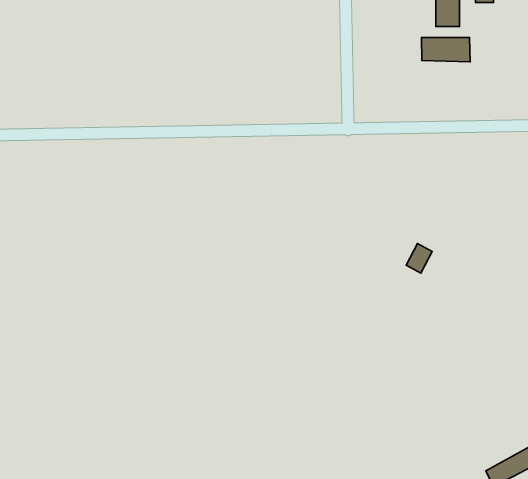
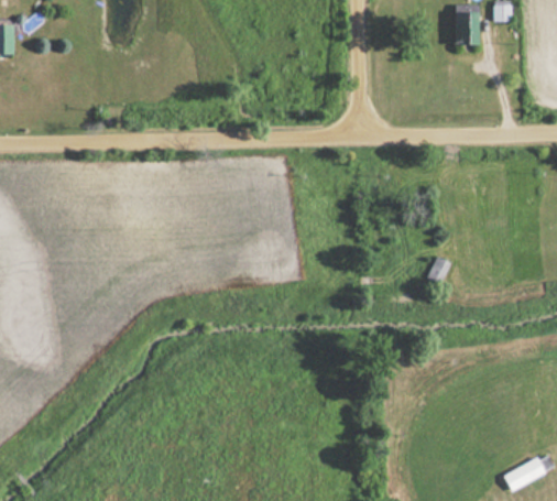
building: [422,37,470,62] -> none

